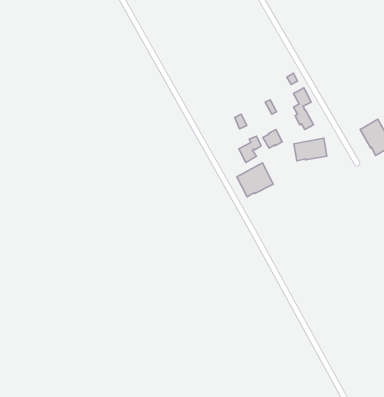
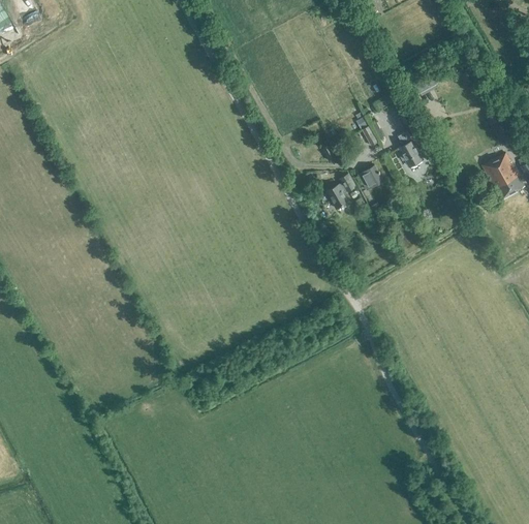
building: [294,138,327,161] -> none
building: [237,163,273,197] -> none

